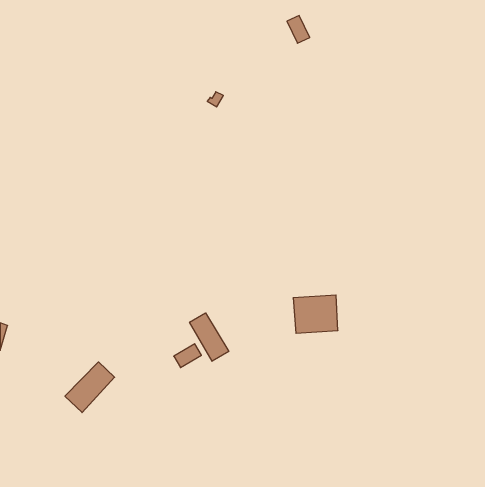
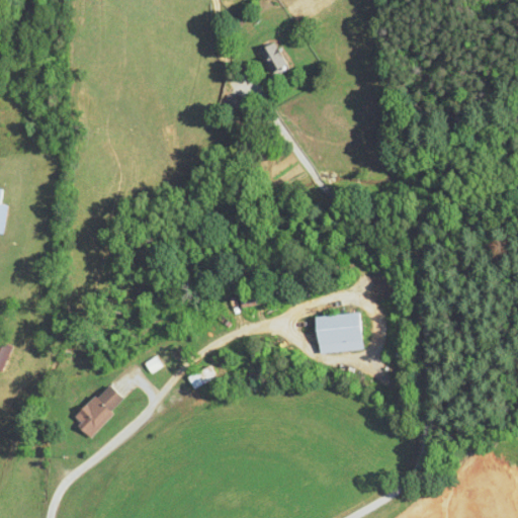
building: [287,16,310,43] -> [261,41,285,71]
building: [190,313,229,361] -> none

